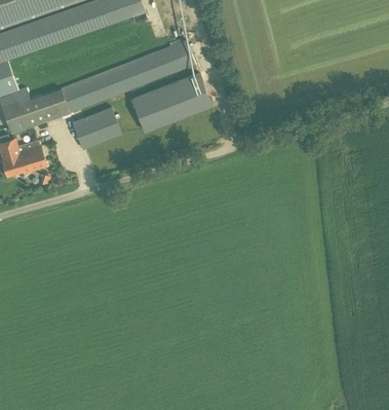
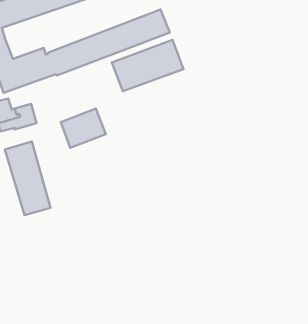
building: [70,106,120,150] -> [61,108,106,148]
building: none -> [5,142,51,215]

